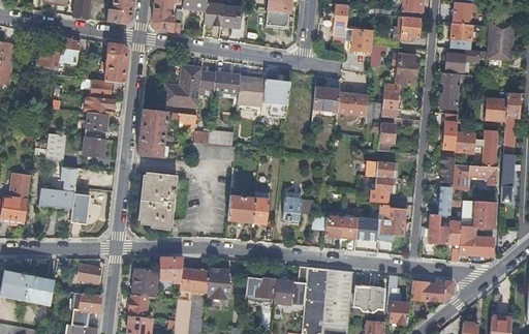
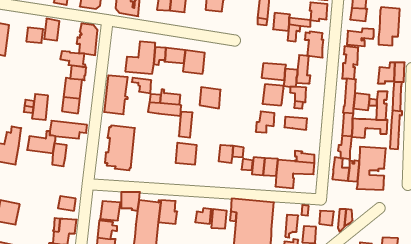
building: [263,80,290,107] -> [200,87,221,108]
building: [313,88,340,115] -> [262,84,284,105]
building: [371,176,395,203] -> [256,111,274,133]
building: [253,191,271,224] -> [179,112,193,138]
building: [25,273,55,304] -> none
building: [350,285,370,314] -> none

